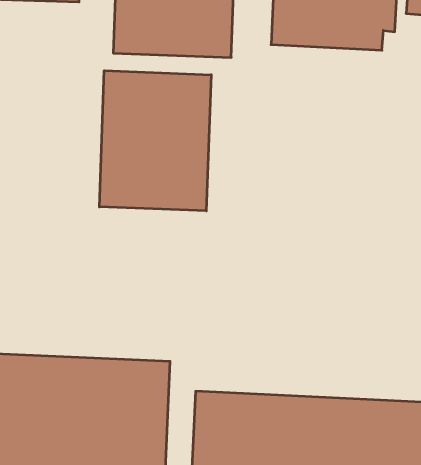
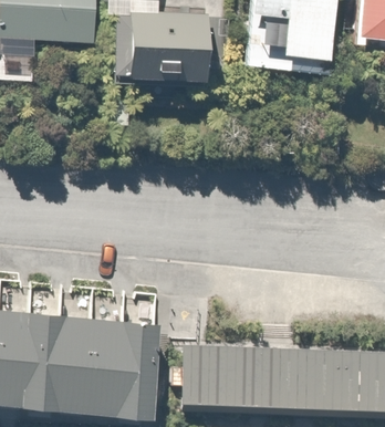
building: [99,71,211,211] -> none

